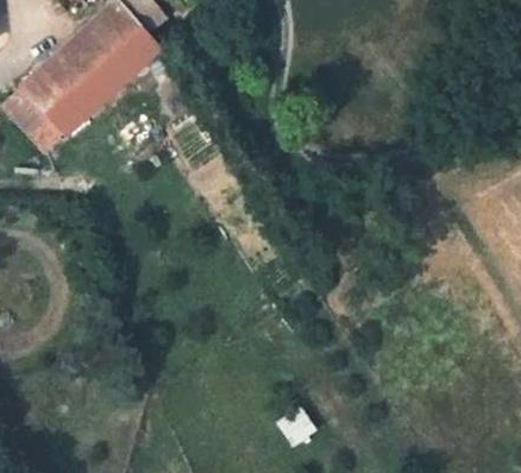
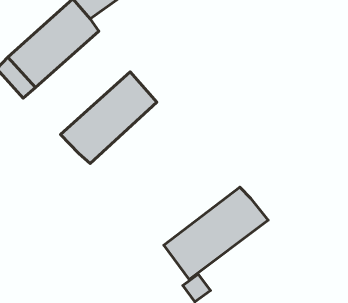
building: none -> [61,72,157,164]
building: none -> [164,187,268,280]

